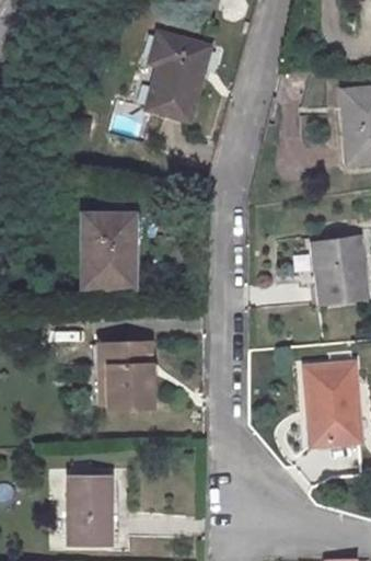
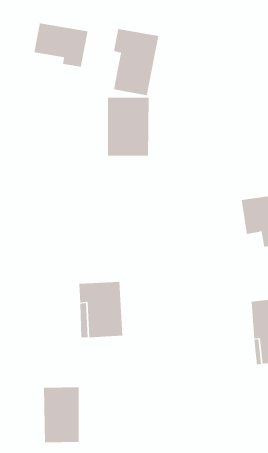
building: none -> [34,22,88,68]
building: [81,215,132,286] -> [107,97,150,156]

